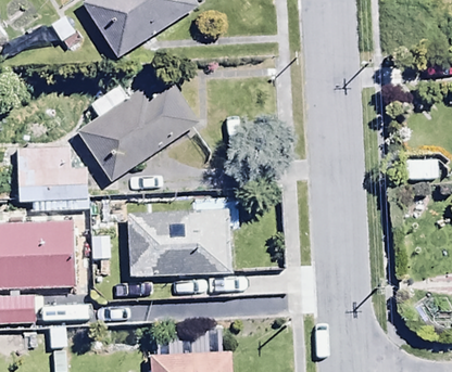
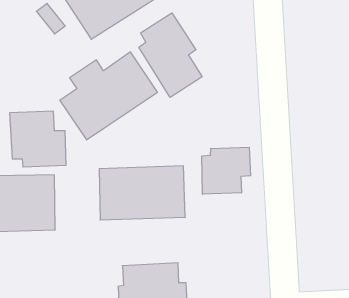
building: none -> [139,13,202,97]
building: none -> [202,147,251,194]

